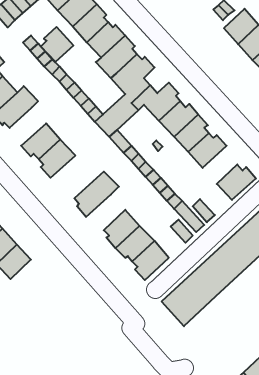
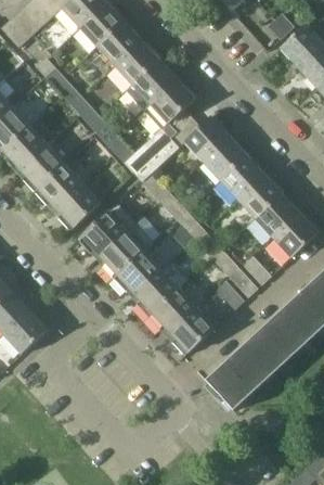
building: [41,27,73,62] -> none
building: none -> [20,144,64,191]
building: none -> [255,191,297,238]
building: none -> [78,203,134,255]
building: none -> [113,251,160,294]

